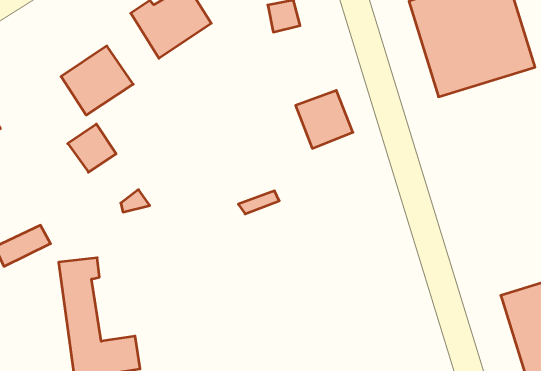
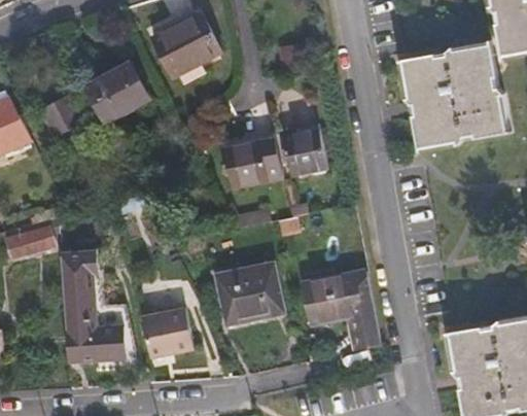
building: none -> [230,142,288,193]
building: [68,124,116,172] -> [40,95,82,137]
building: none -> [309,270,375,348]
building: none -> [213,266,282,325]
building: none -> [142,309,191,354]

